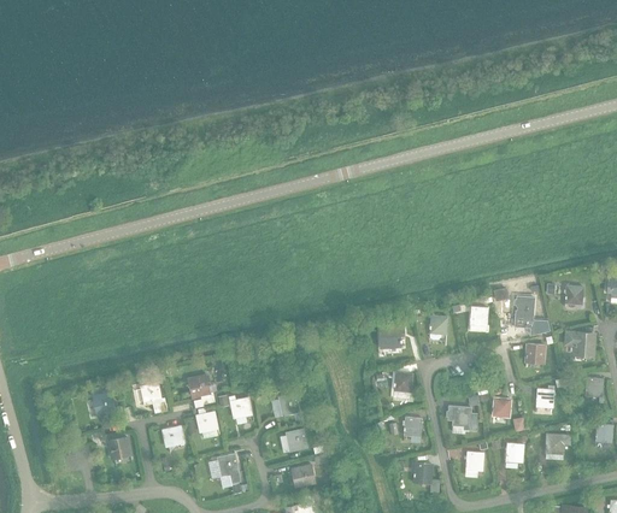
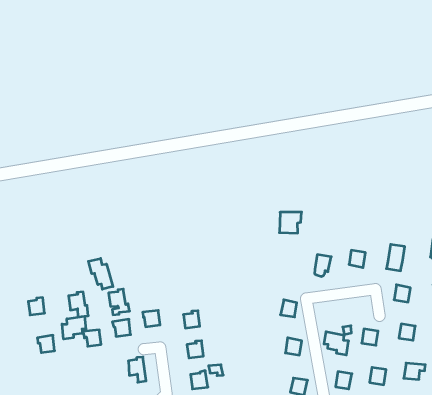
building: [378,323,404,349] -> [279,212,302,233]
building: none -> [88,258,113,289]
building: none -> [62,316,86,339]

